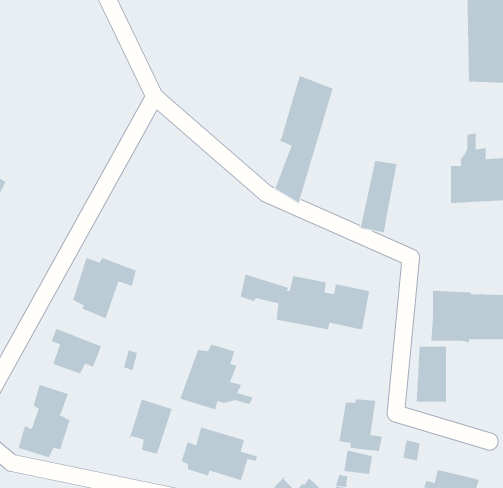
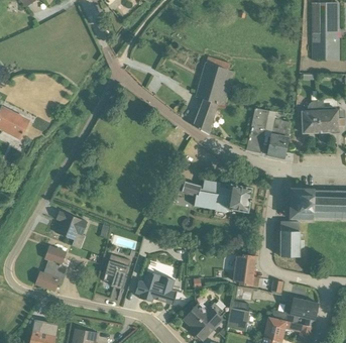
building: none -> [263,110,291,157]
building: [72,257,136,319] -> none
building: [179,344,253,410] -> none

